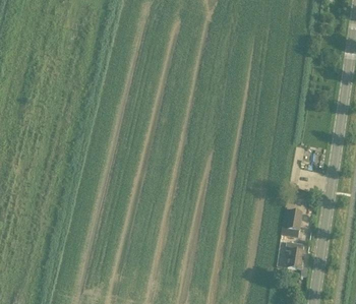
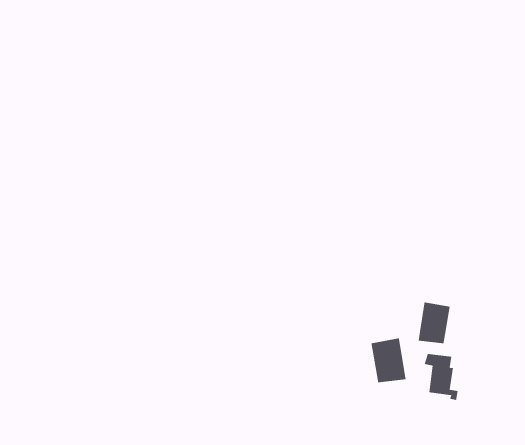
building: none -> [371,337,406,383]

